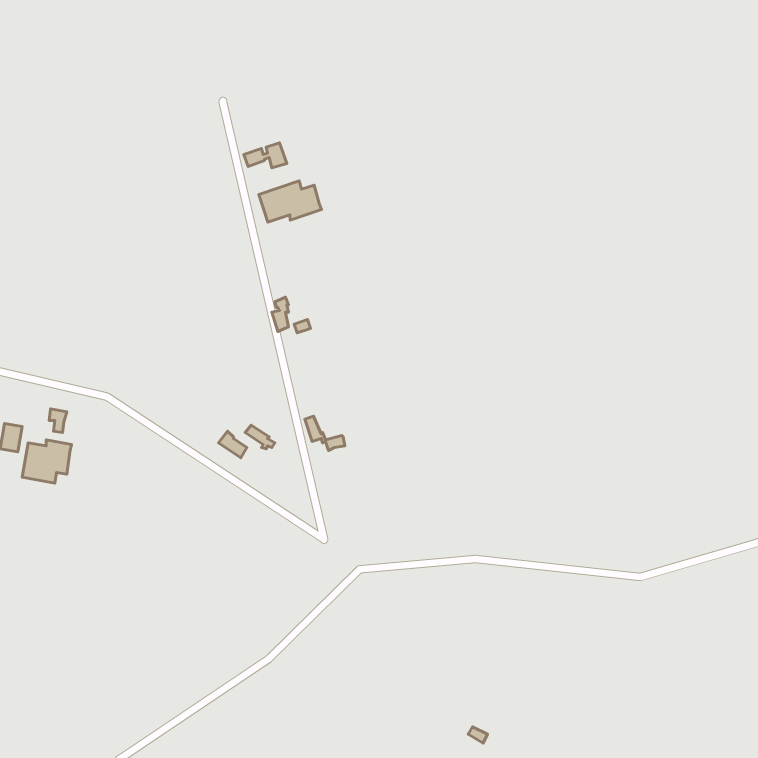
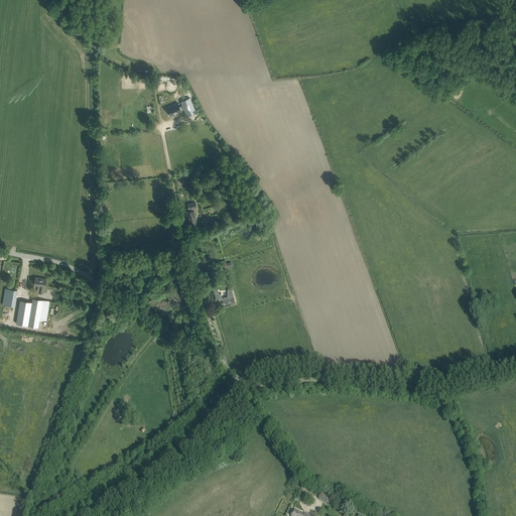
building: [259,181,321,222] -> none

